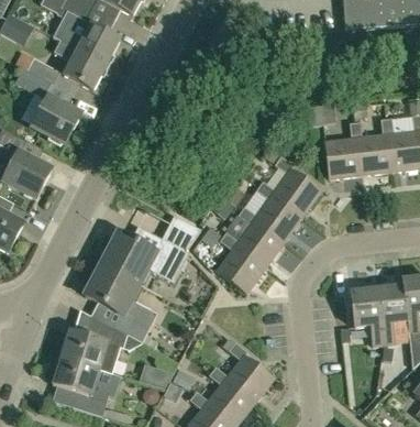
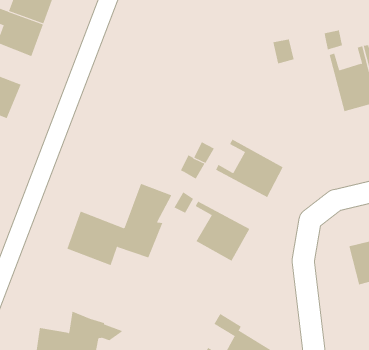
building: [324,122,361,177] -> none
building: [259,149,320,216] -> none
building: [222,210,284,266] -> none
building: [85,263,157,348] -> none

